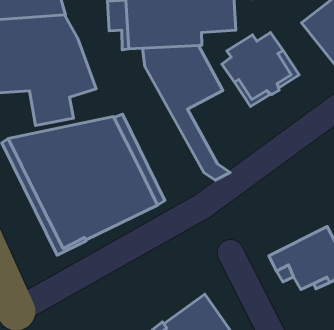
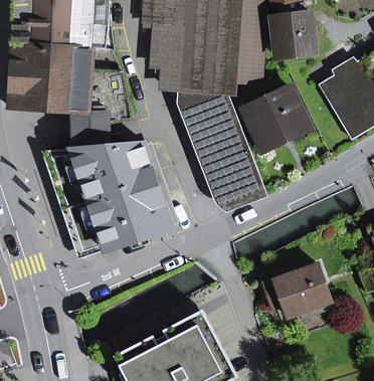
building: none -> [207,133,264,205]

